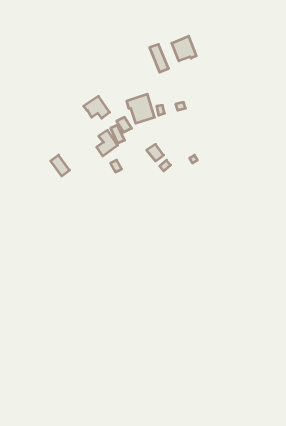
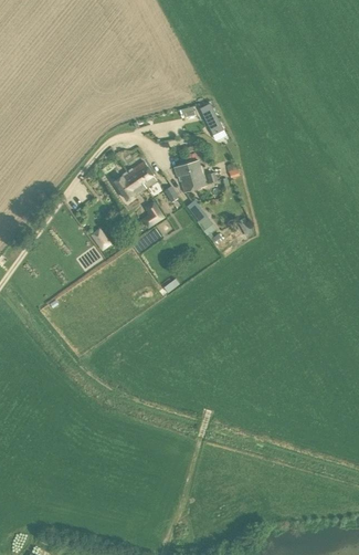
building: [172,36,196,61] -> none
building: none -> [113,172,146,199]

